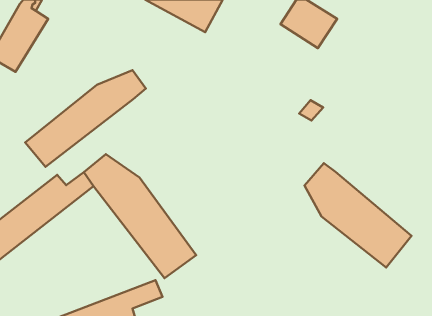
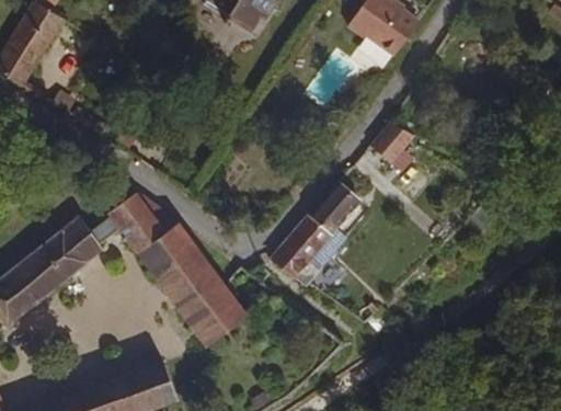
building: [25,70,146,167] -> none
building: none -> [275,184,359,287]
building: [305,163,412,268] -> none

